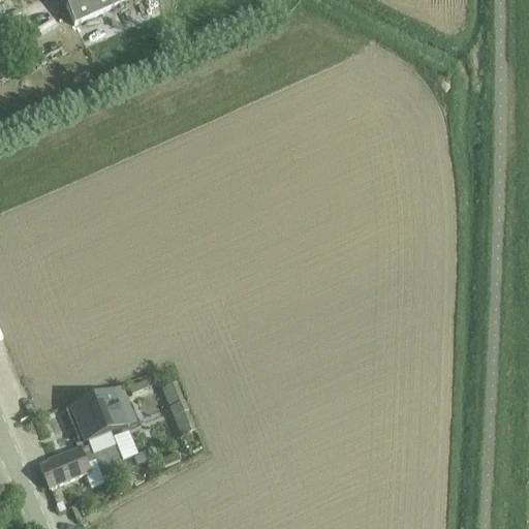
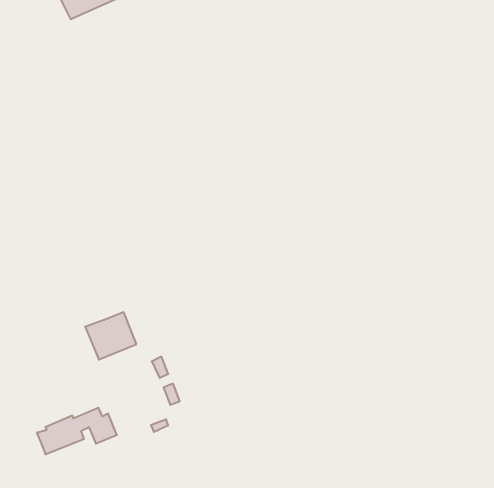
building: [73,388,128,439] -> [85,312,136,360]

